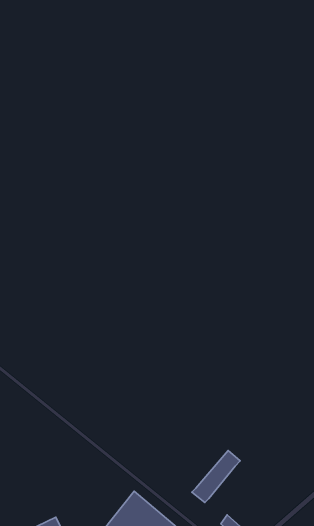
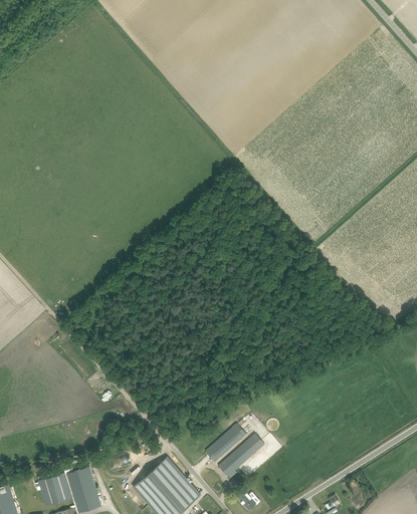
building: none -> [204,424,246,462]

